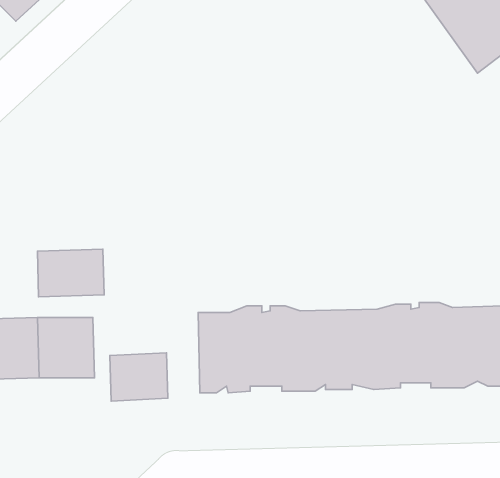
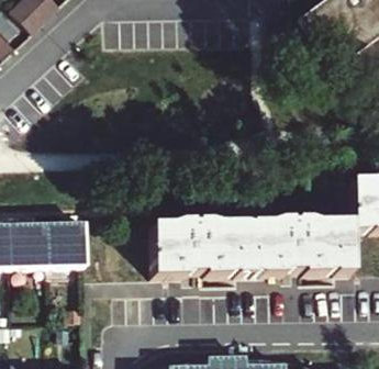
building: [37,249,104,297] -> none
building: [110,353,168,401] -> none

